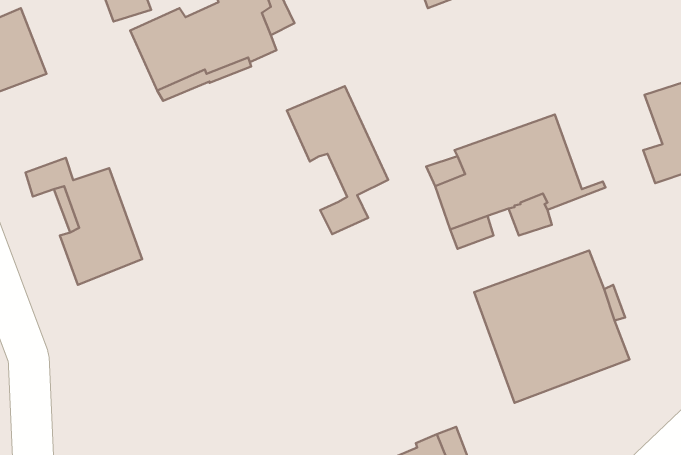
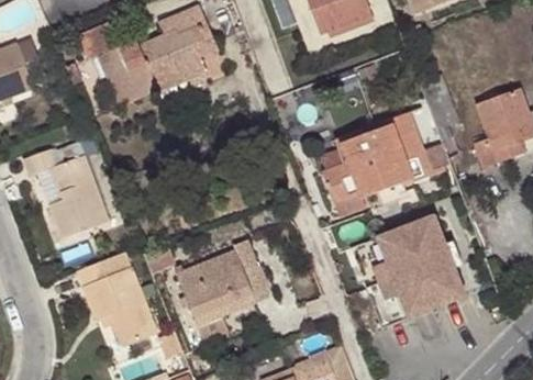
building: [287,86,388,234] -> none
building: none -> [177,237,259,323]
building: none -> [76,252,158,348]

